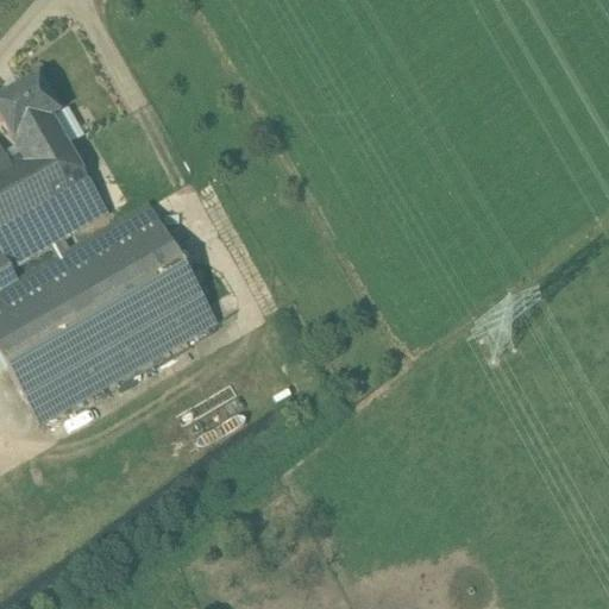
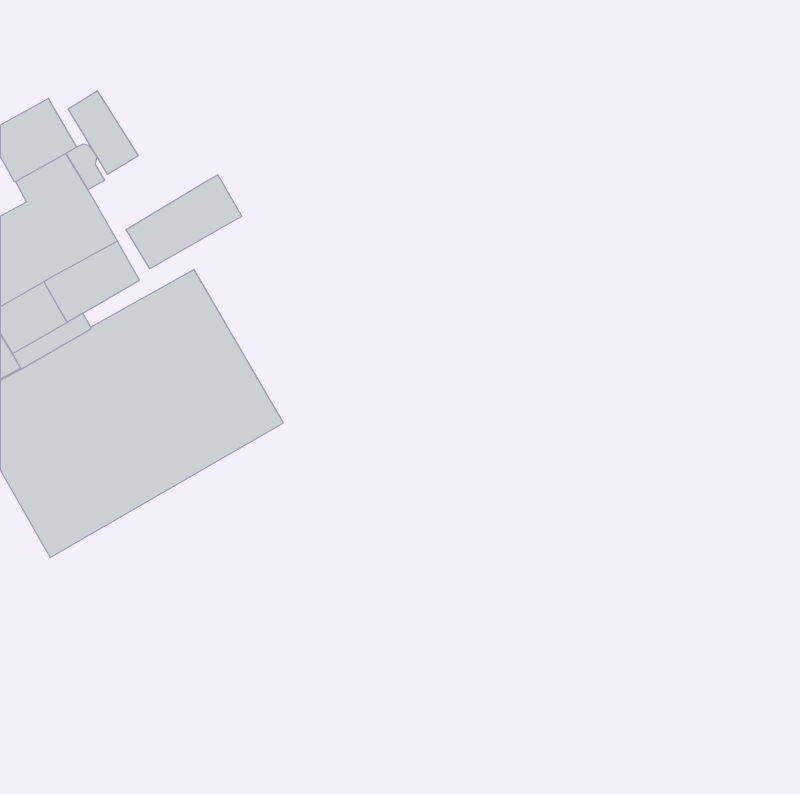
building: none -> [68,91,138,174]
building: none -> [126,175,242,269]

